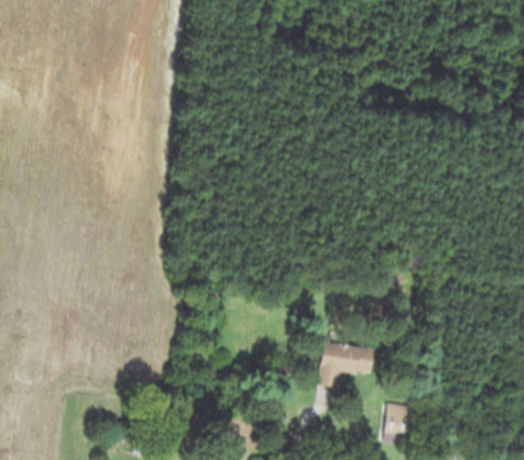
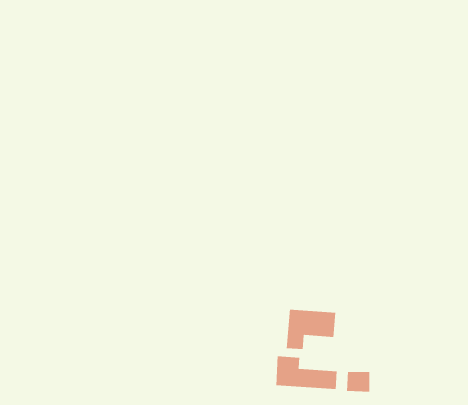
building: none -> [276,356,337,390]

